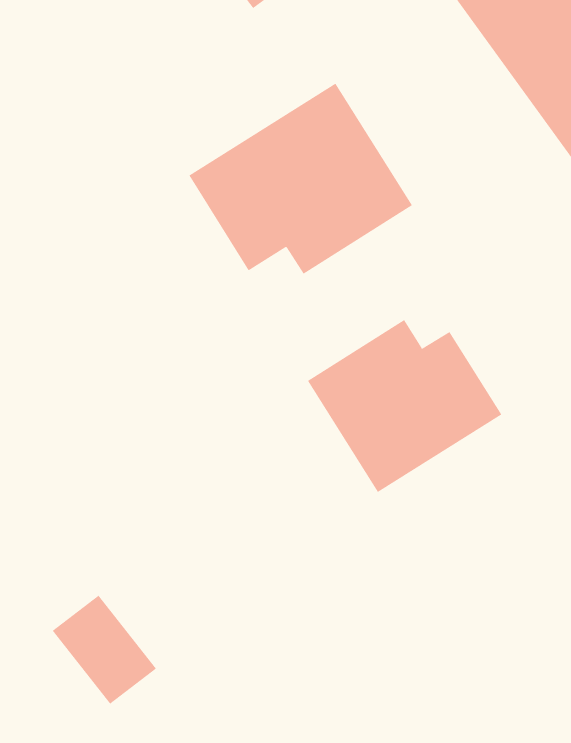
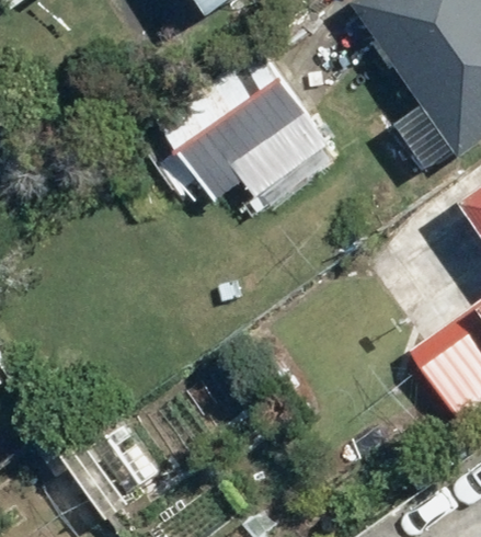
building: [307,319,502,493] -> none

